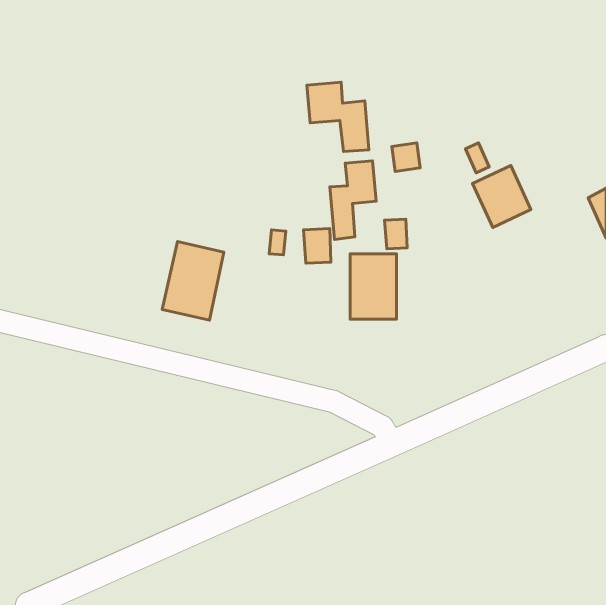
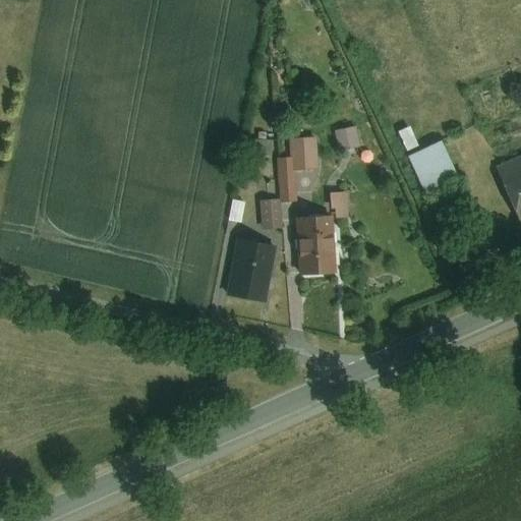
building: [307,82,369,152] -> none
building: [162,242,224,320] -> [223,236,276,303]

